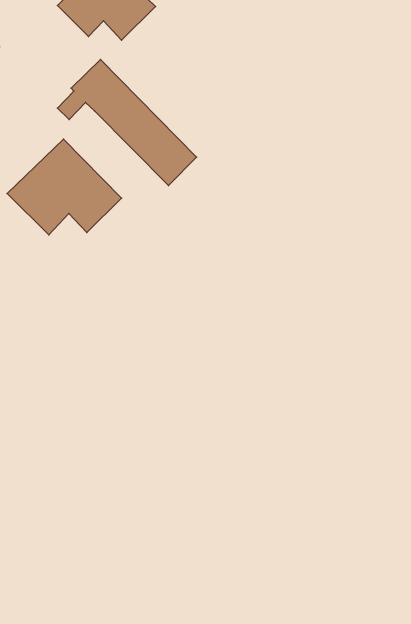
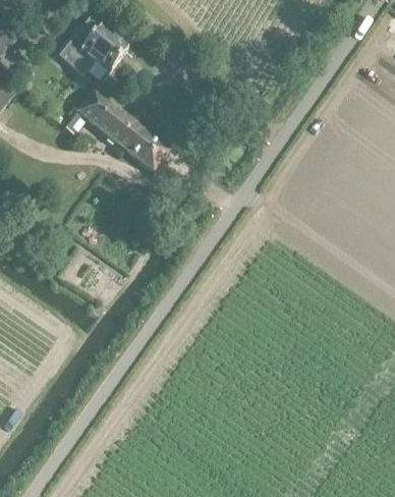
building: [7,139,122,235] -> none

